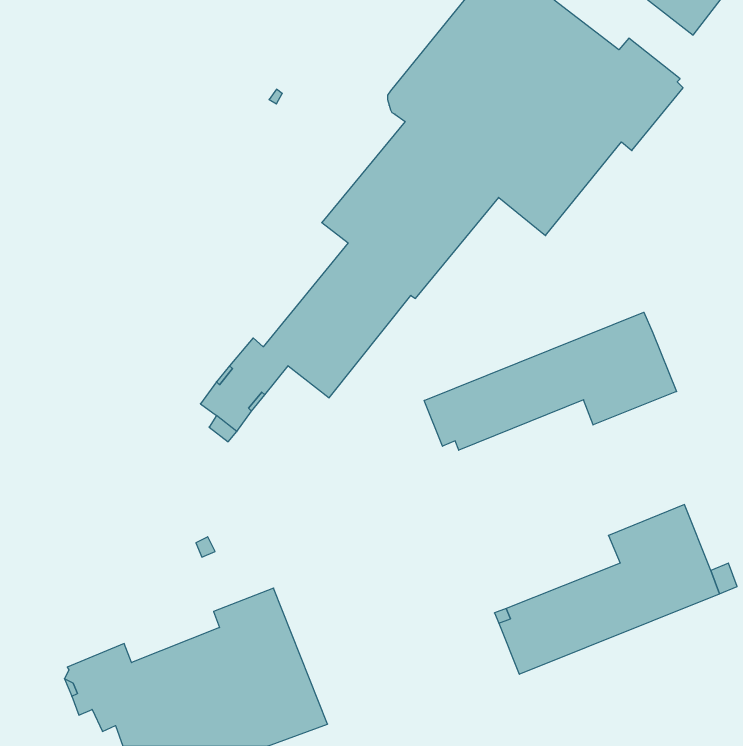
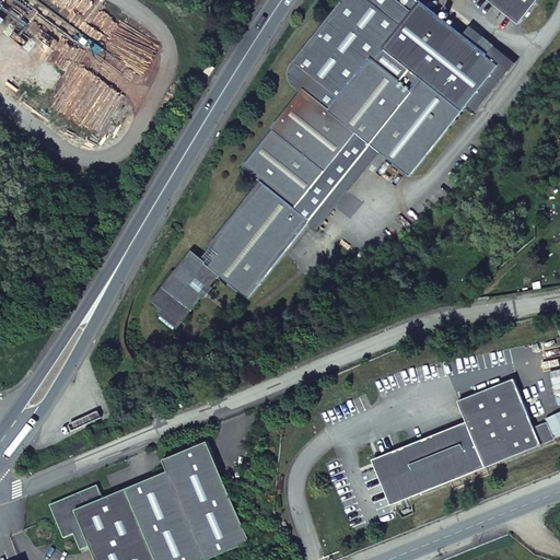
building: [424,312,677,450] -> none

